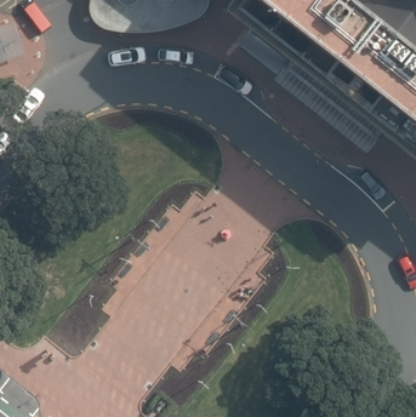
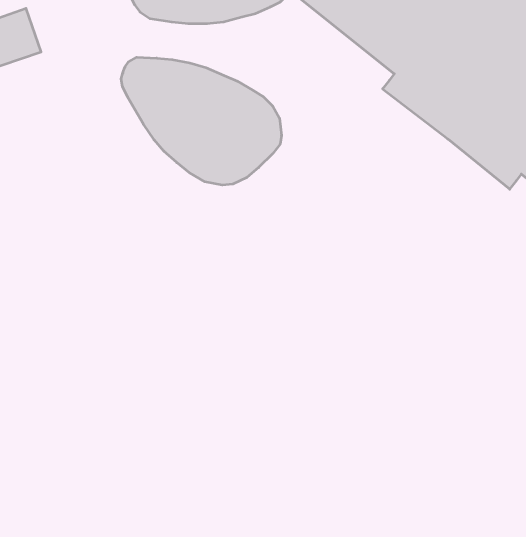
building: none -> [121,57,281,185]

